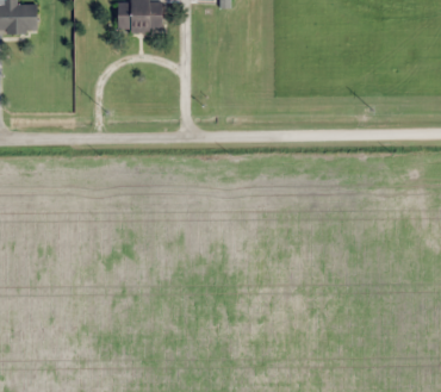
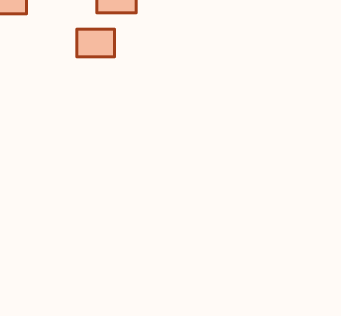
building: none -> [77,29,115,57]

